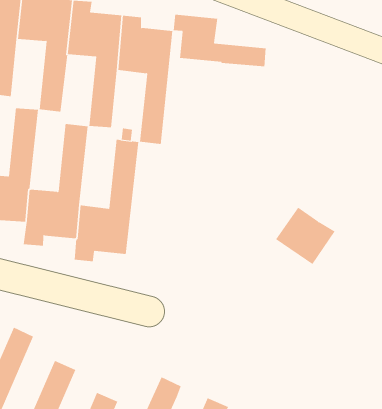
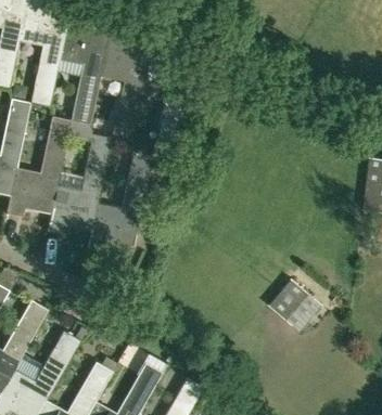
building: [173,14,266,67] -> none
building: [275,207,335,265] -> [269,281,320,330]

